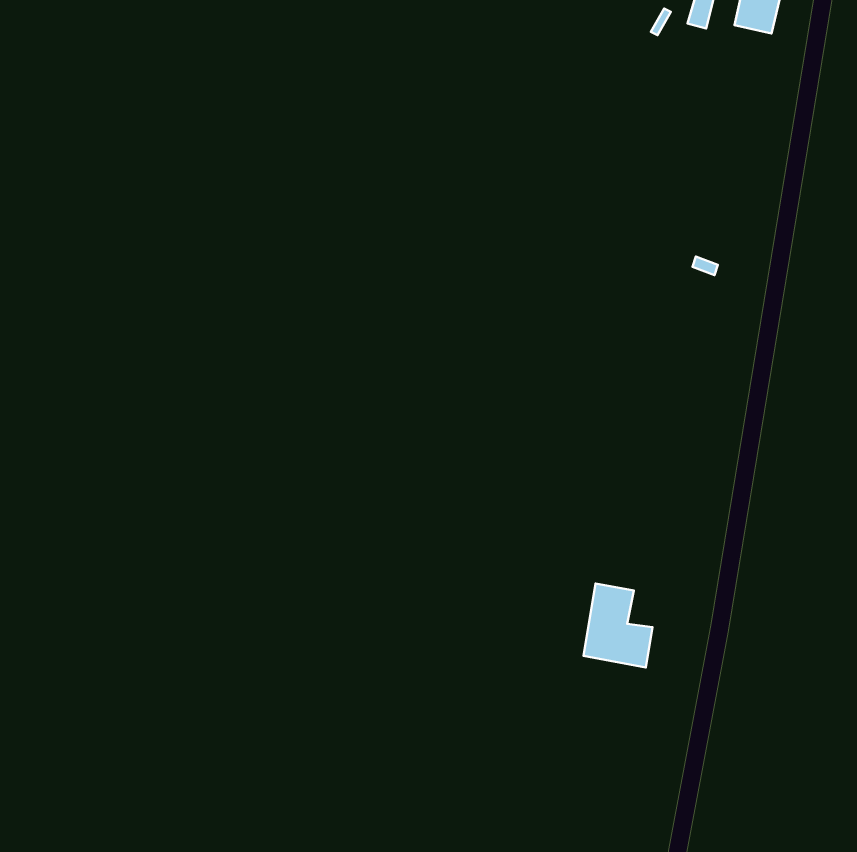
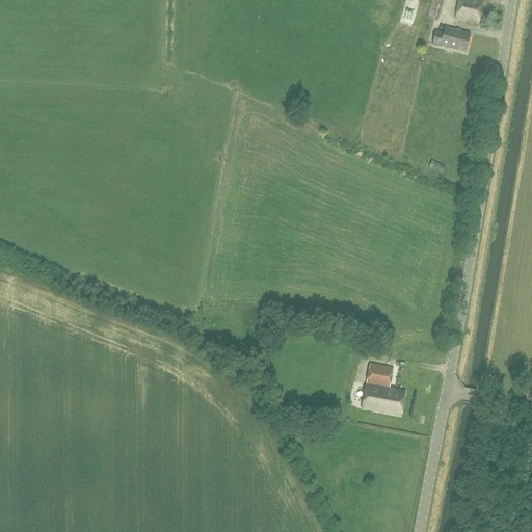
building: none -> [432,25,470,49]

